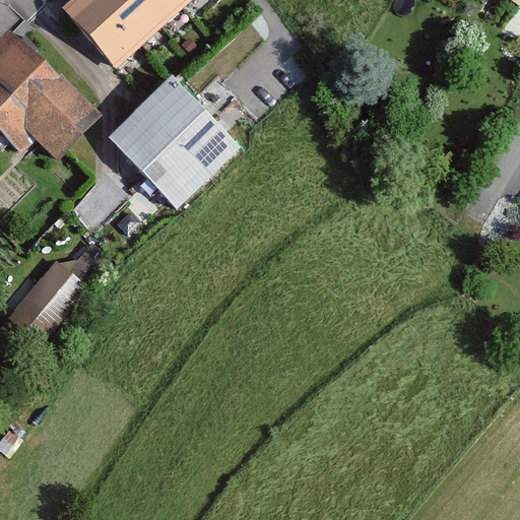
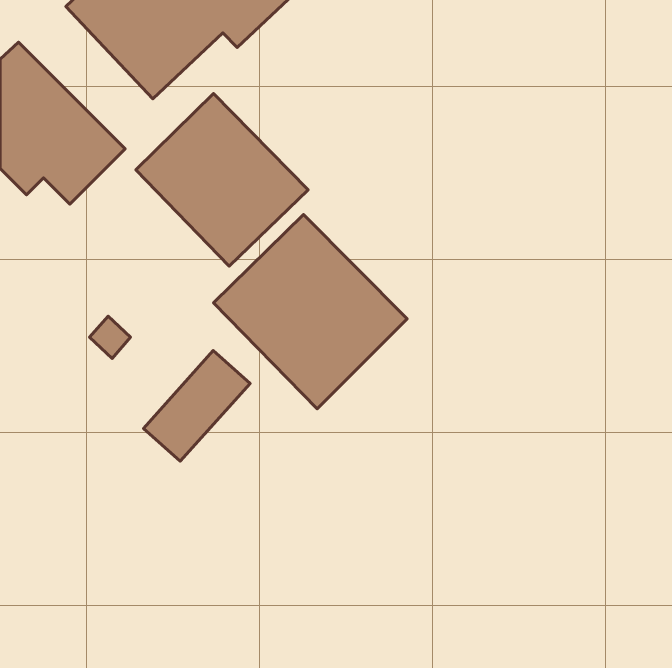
building: none -> [213,214,407,409]
building: [7,255,89,340] -> [143,351,250,461]

